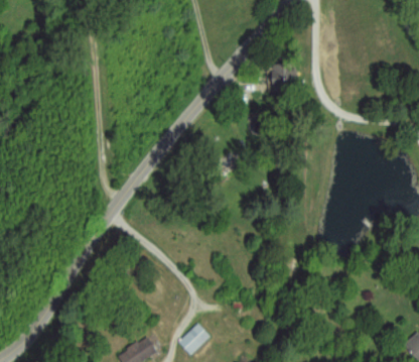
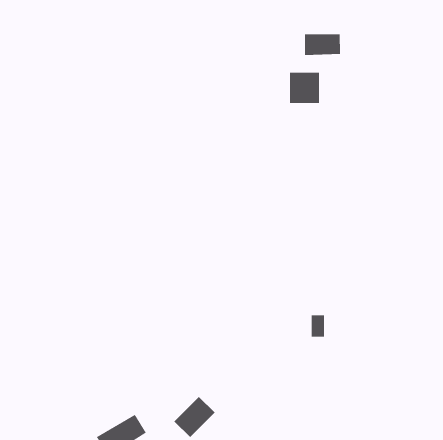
building: none -> [304,34,341,56]

